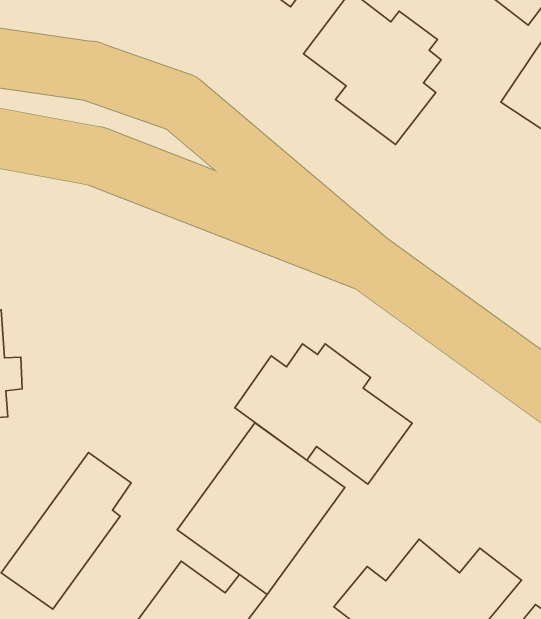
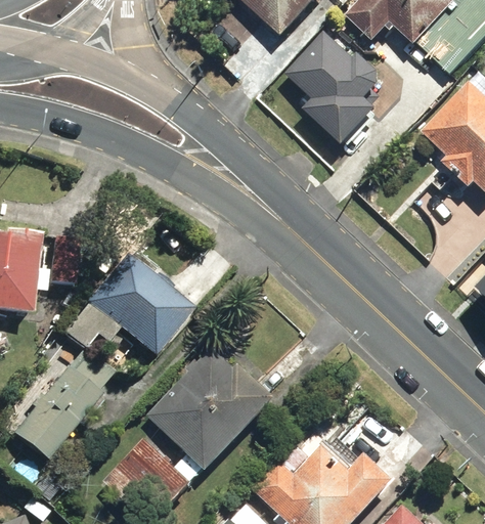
building: none -> [64,247,190,357]
building: [235,344,412,484] -> none

